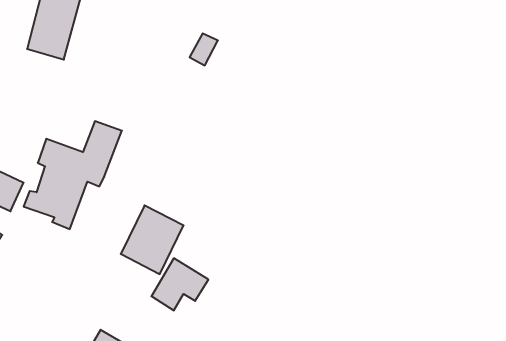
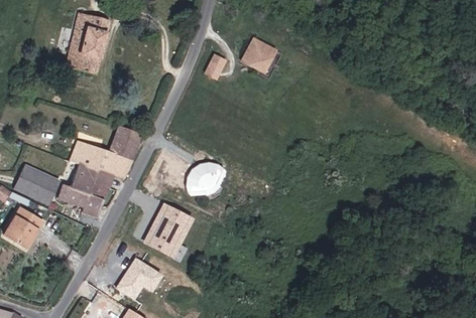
building: none -> [238,36,276,73]
building: none -> [189,163,222,193]
building: [151,258,208,310] -> [116,255,164,299]

